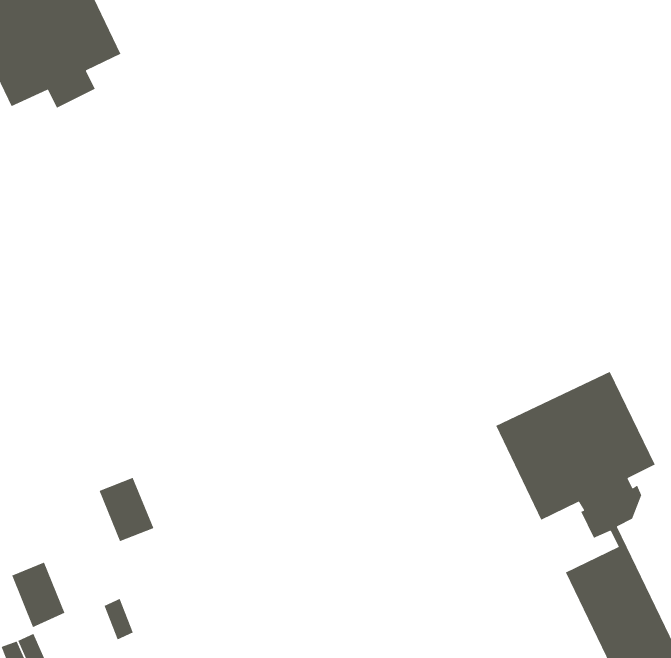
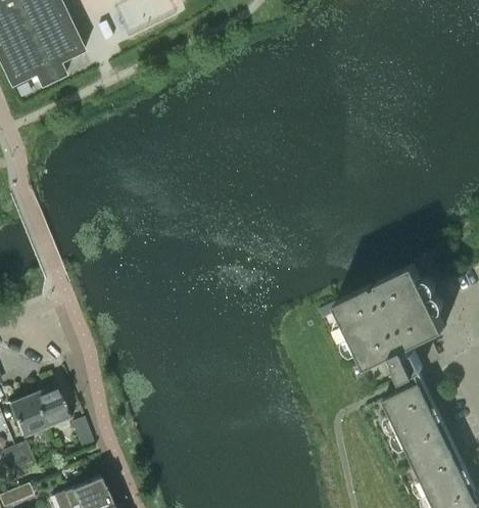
building: [98,477,154,542] -> [32,384,69,428]

